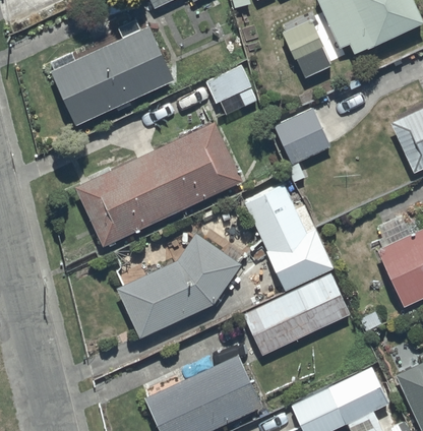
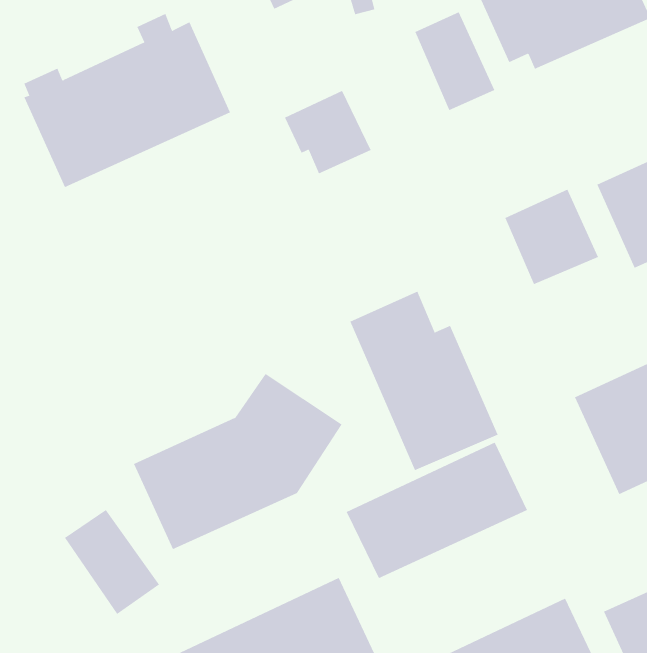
building: [274,108,329,165] -> [504,189,599,285]
building: [74,121,241,247] -> none
building: none -> [64,509,160,615]

